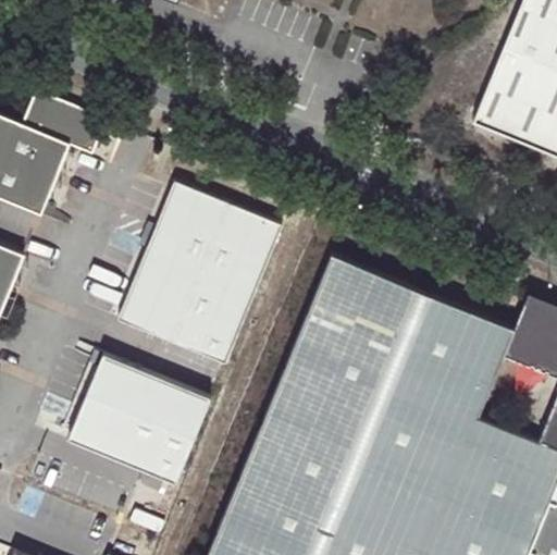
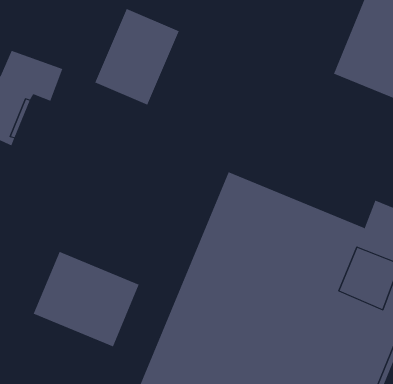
building: none -> [95,8,180,106]
building: [120,184,284,366] -> none

